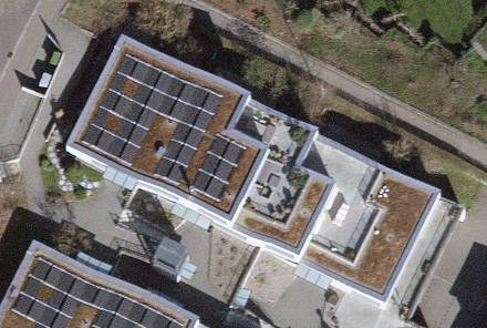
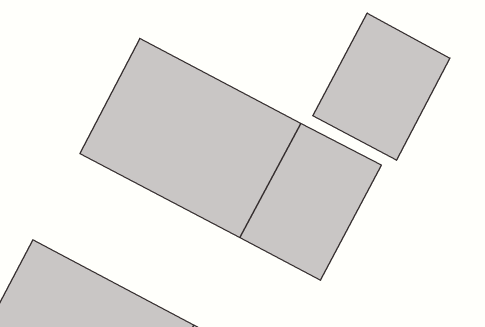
building: none -> [313,13,450,160]
building: [314,162,450,312] -> none

